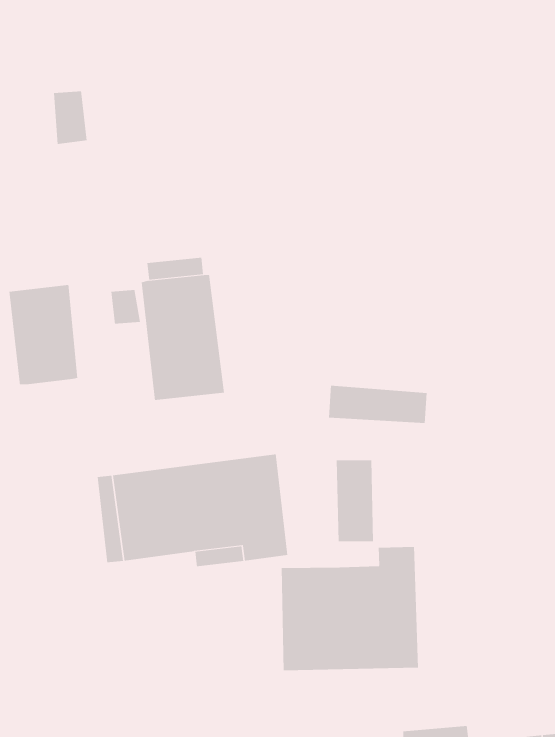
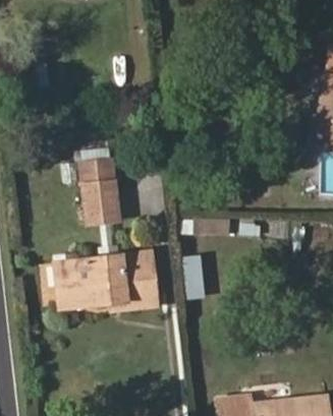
building: [9,284,78,385] -> none
building: [281,546,419,671] -> none

